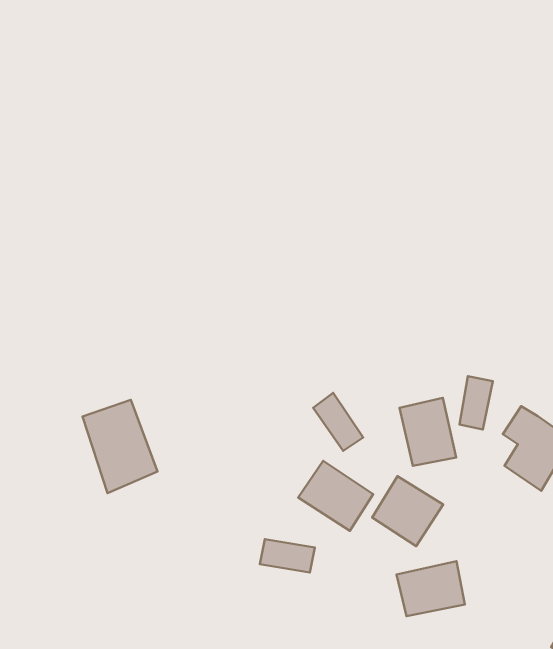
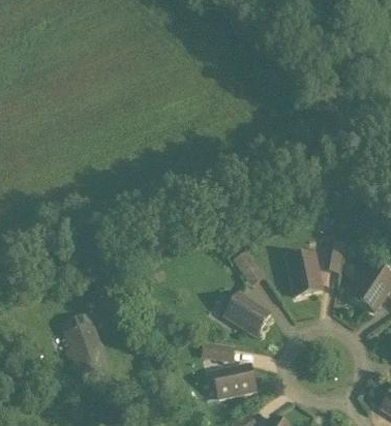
building: [83,400,158,493] -> [63,321,110,378]
building: [372,476,443,546] -> none
building: [397,561,465,616] -> [213,364,255,398]

